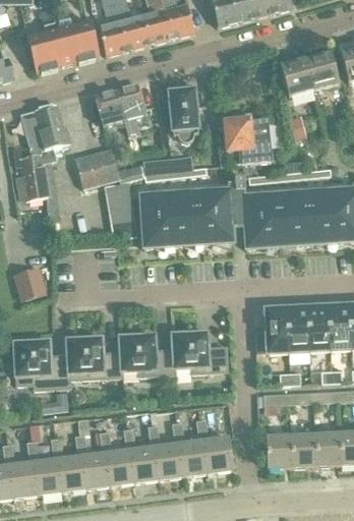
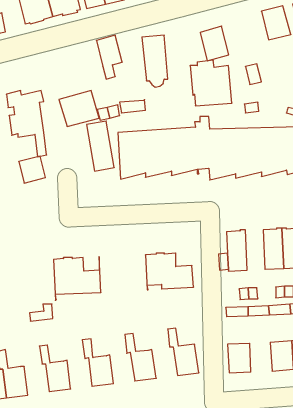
building: [280,56,312,96] -> [200,26,229,61]
building: [95,90,123,125] -> none
building: [20,104,69,152] -> none
building: [14,268,45,298] -> [19,156,45,183]
building: [286,305,308,351] -> none
building: [119,334,174,377] -> none
building: [13,339,69,387] -> none
building: [172,420,209,474] -> none
building: [124,426,160,480] -> none
building: [76,432,111,486] -> none
building: [291,433,316,467] -> none
building: [26,439,62,494] -> none

